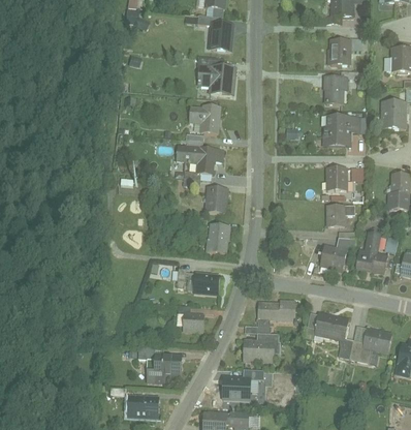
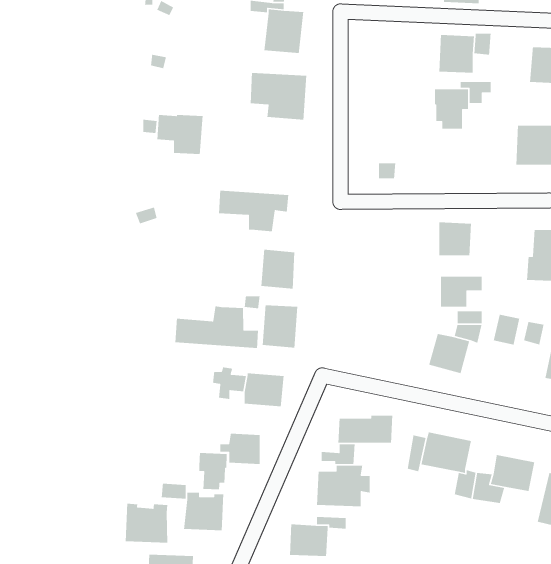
building: [190,105,222,133] -> [157,114,203,155]
building: [323,115,360,146] -> none
building: none -> [174,305,259,349]
building: [356,247,388,273] -> none
building: none -> [198,452,228,490]
building: none -> [125,503,168,544]

